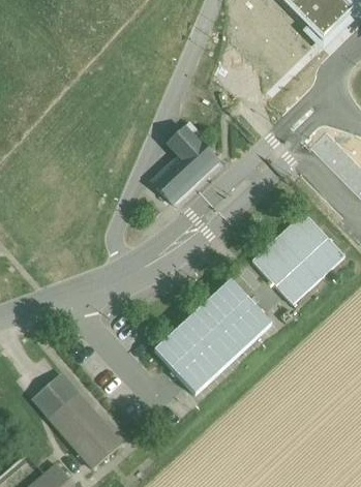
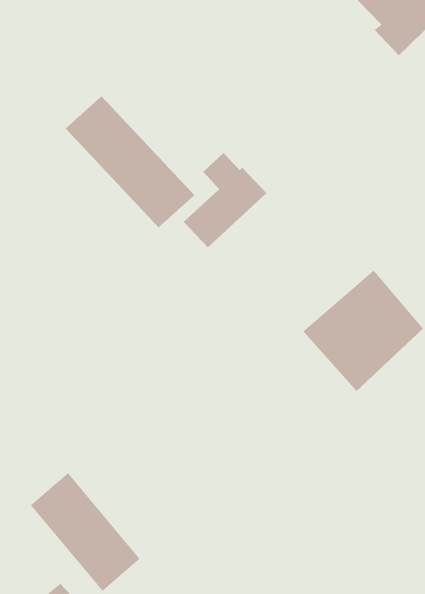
building: none -> [65,96,195,228]
building: [153,276,273,393] -> none

